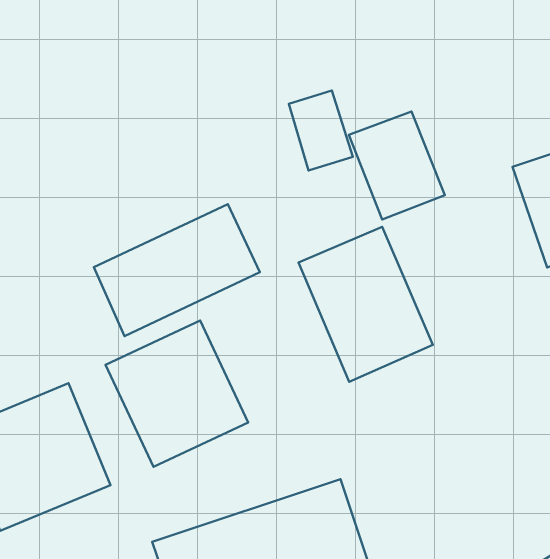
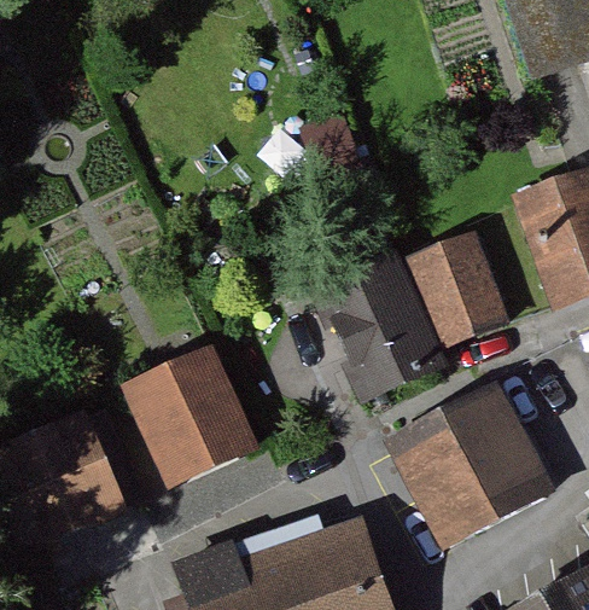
building: [349,111,445,220] -> [413,236,507,342]
building: [94,204,260,336] -> none
building: none -> [395,387,547,540]

